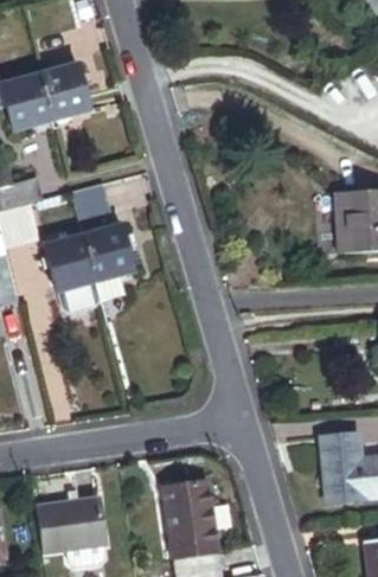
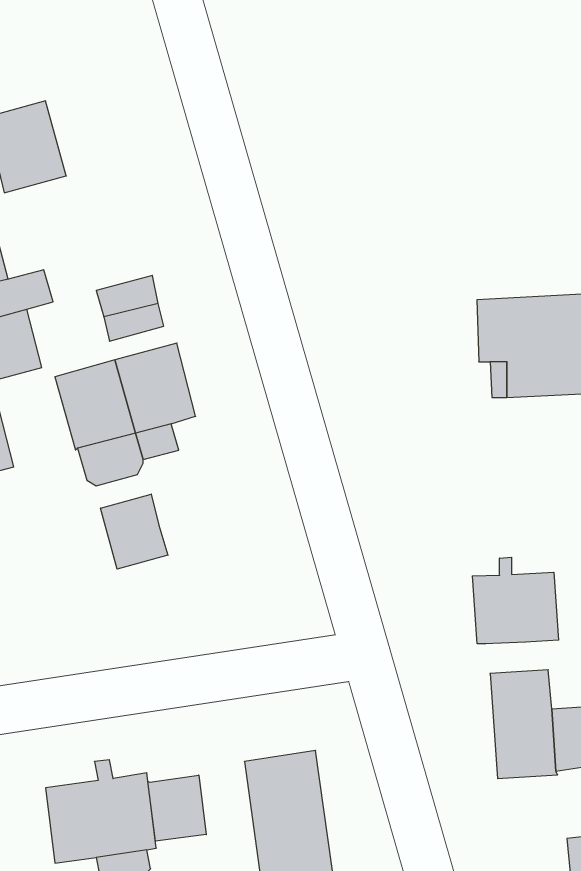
building: [38,60,89,117] -> none
building: none -> [101,494,168,569]
building: none -> [472,557,559,644]
building: none -> [148,775,206,841]

